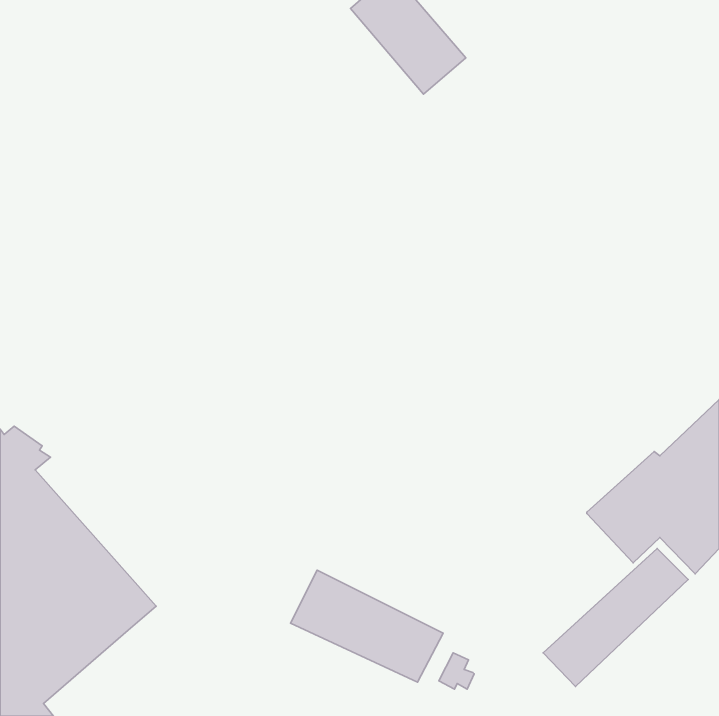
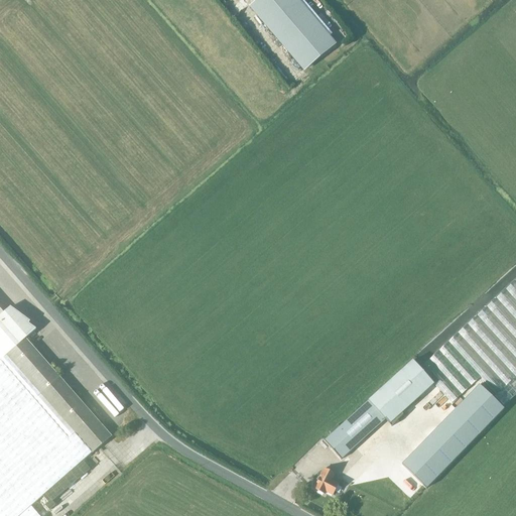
building: none -> [325,359,434,458]
building: [291,570,443,682] -> none

